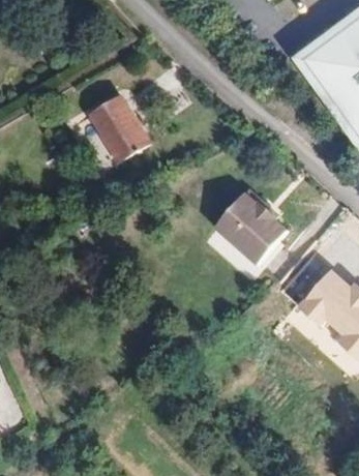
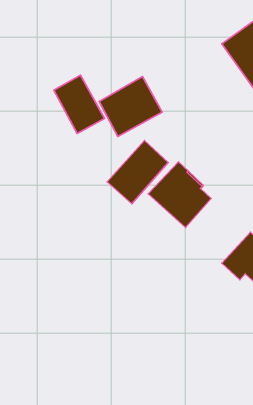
building: none -> [99,77,162,136]
building: none -> [107,141,168,204]

